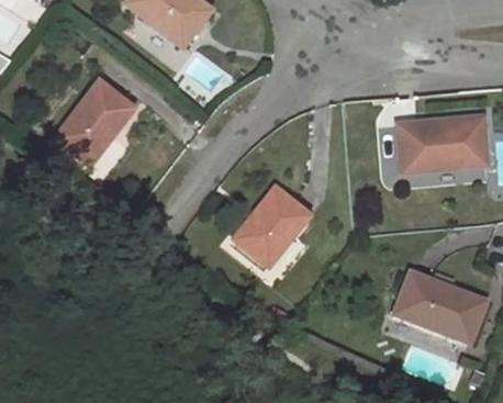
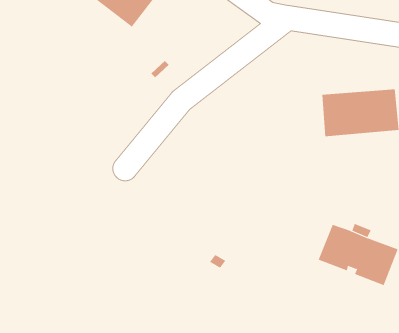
building: [55,82,133,163] -> none
building: [235,189,310,266] -> none

